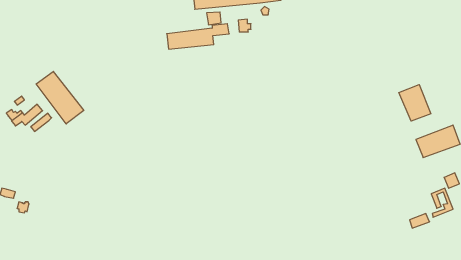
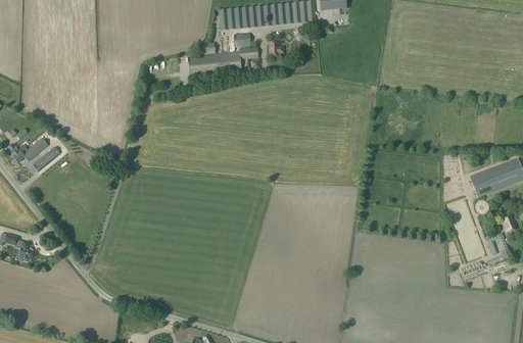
building: [36,71,84,124] -> none
building: [399,85,431,121] -> none

